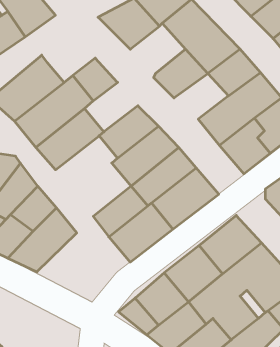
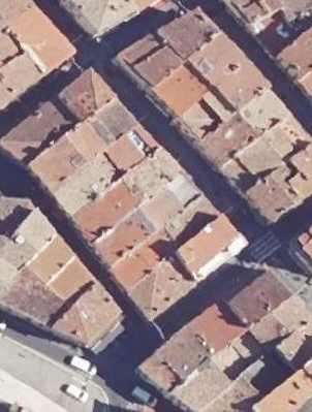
building: none -> [151,61,210,115]
building: none -> [57,69,114,124]
building: none -> [197,115,255,166]
building: none -> [102,124,159,177]
building: none -> [71,181,152,266]
building: none -> [52,284,118,342]

